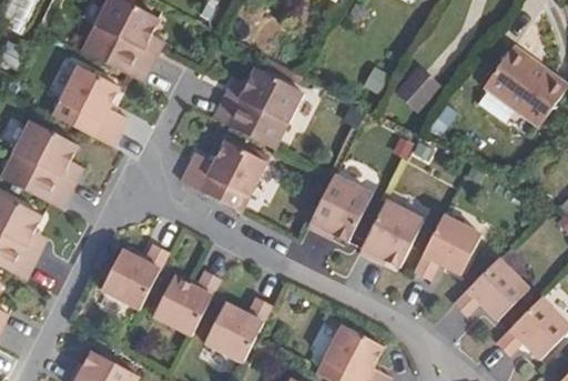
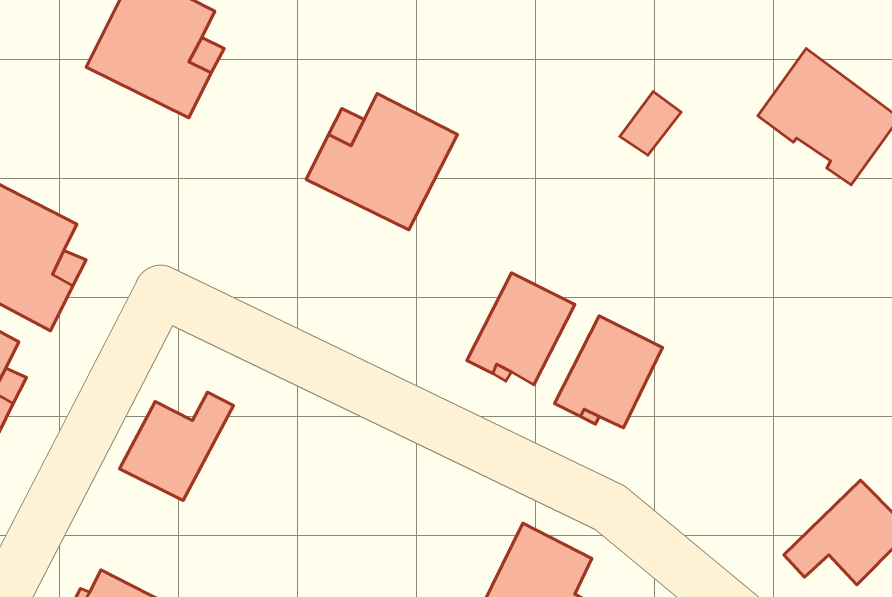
building: [51,66,125,146] -> none
building: [182,142,267,213] -> none
building: [414,214,481,280] -> none
building: [454,259,529,321] -> none
building: [153,271,221,337] -> none
building: [203,298,268,362] -> none

